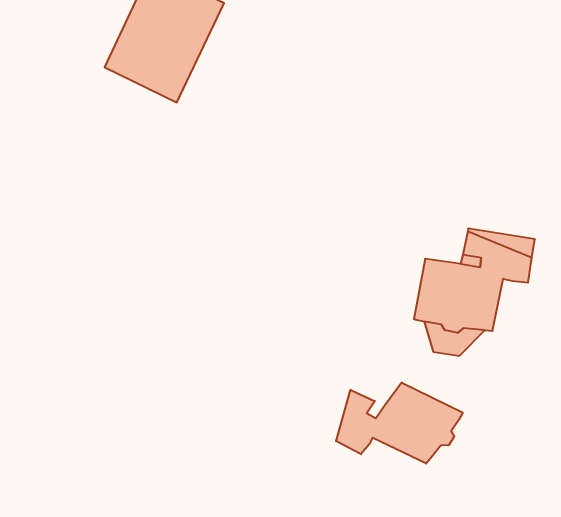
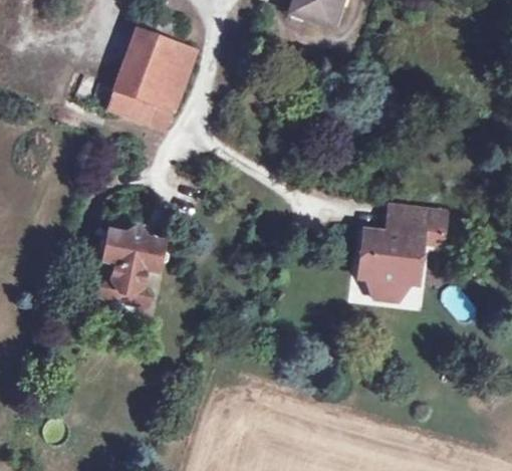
building: none -> [100,226,165,312]
building: [336,383,463,464] -> none

